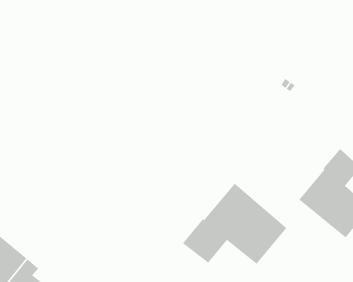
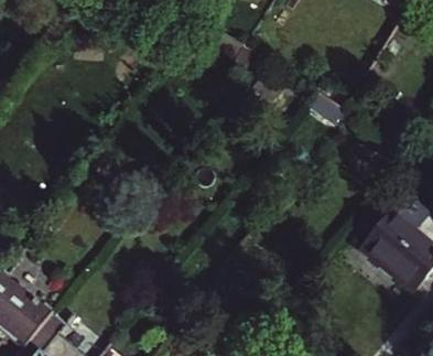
building: [182,183,287,264] -> none

